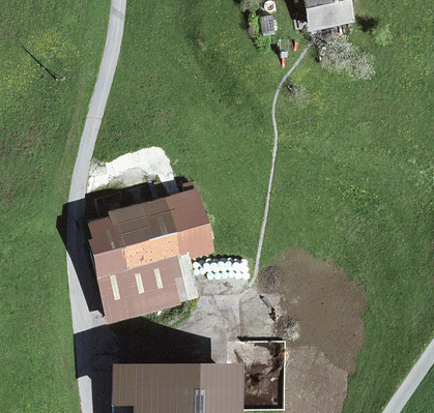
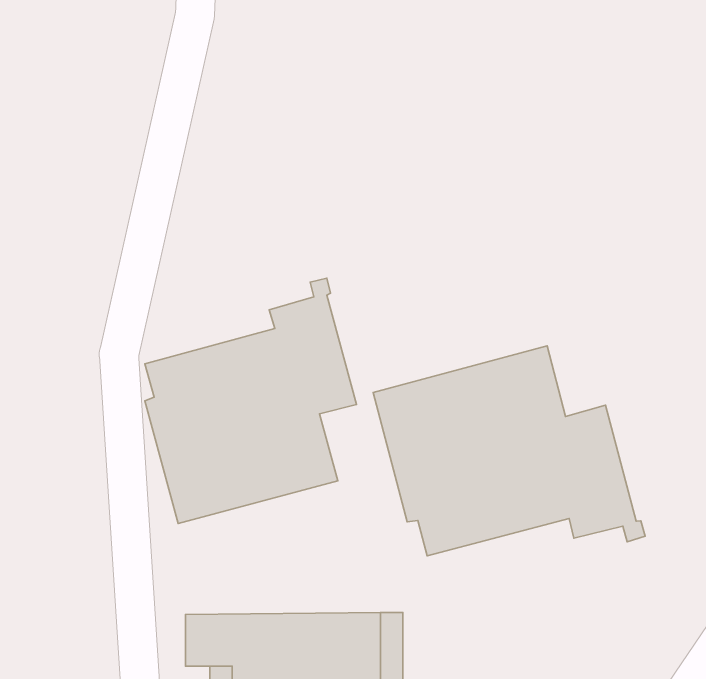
building: none -> [373,346,645,556]

